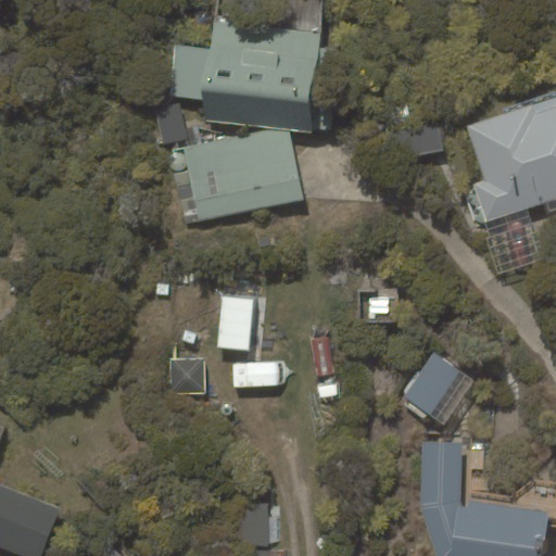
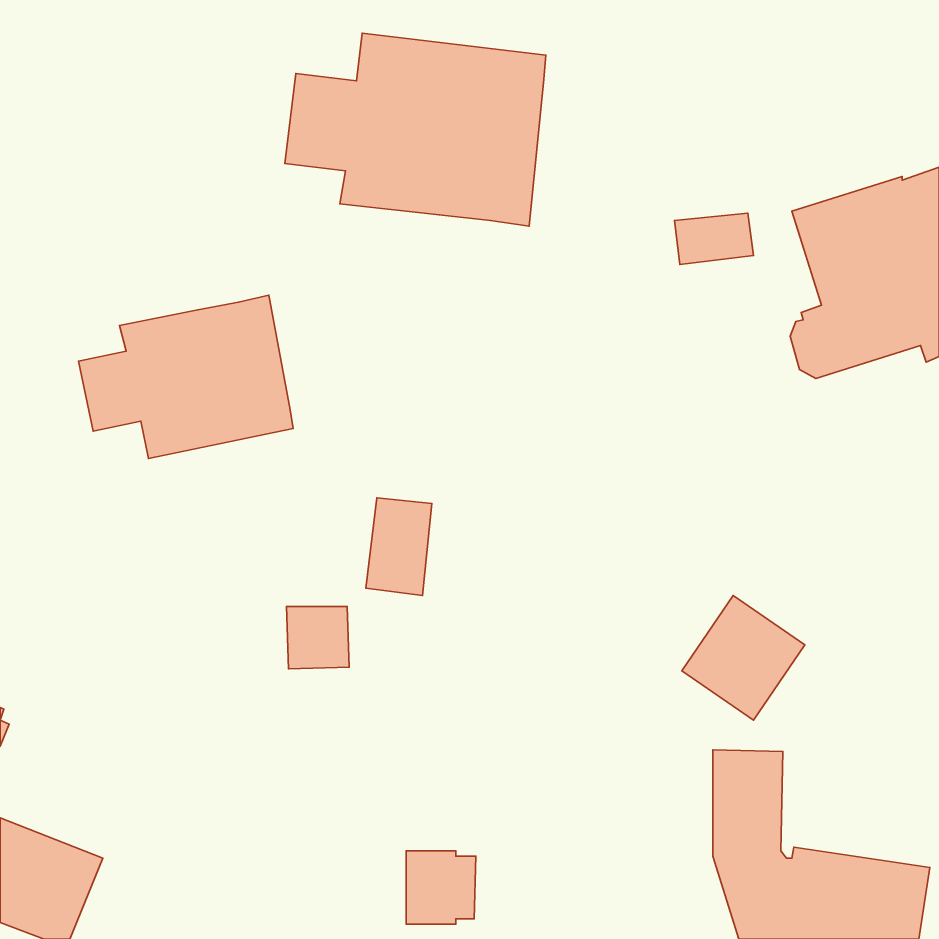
building: [170,129,303,223] -> none
building: none -> [78,295,293,459]

